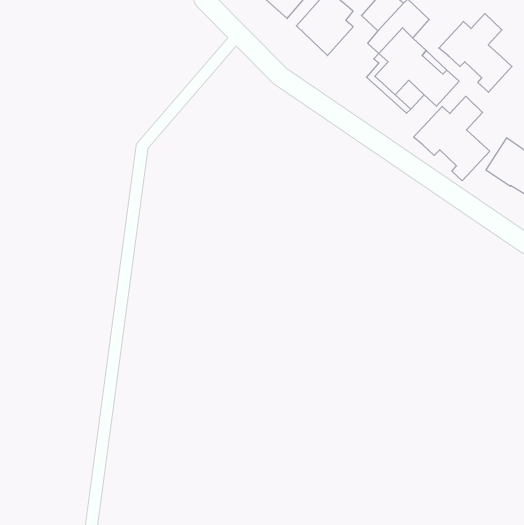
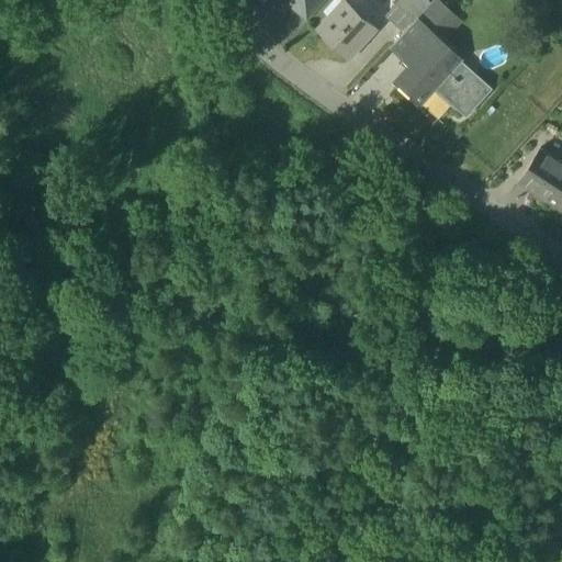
building: [439,14,512,92] -> none
building: [414,96,490,181] -> none

